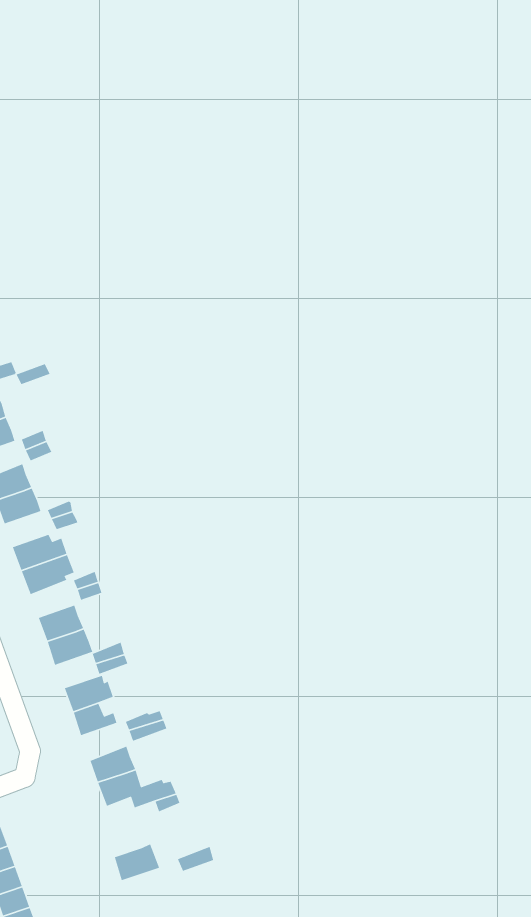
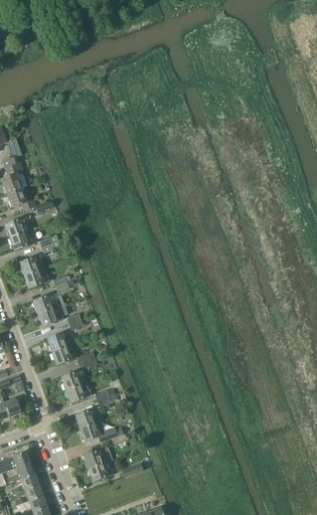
building: none -> [84,447,113,468]

